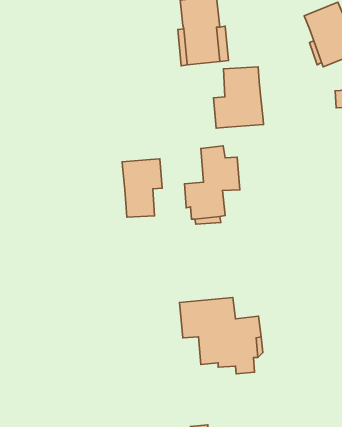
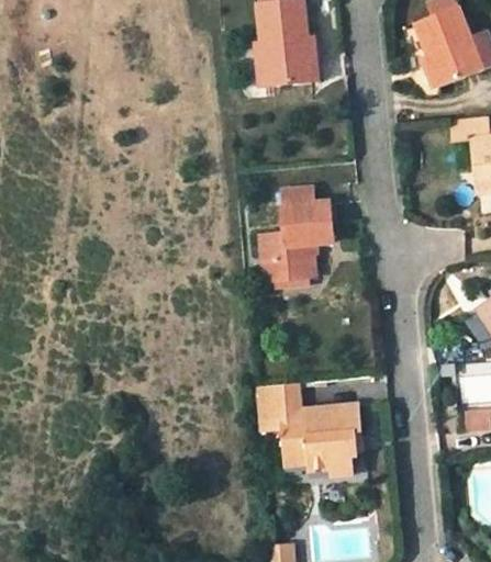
building: [214,67,263,128] -> none
building: [122,159,162,217] -> none

